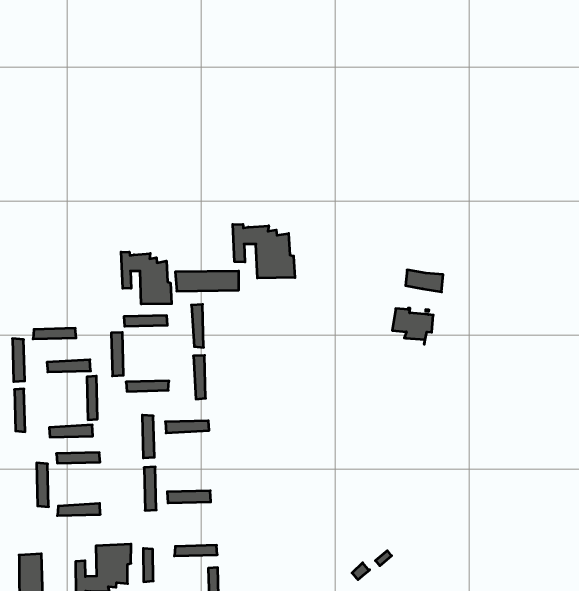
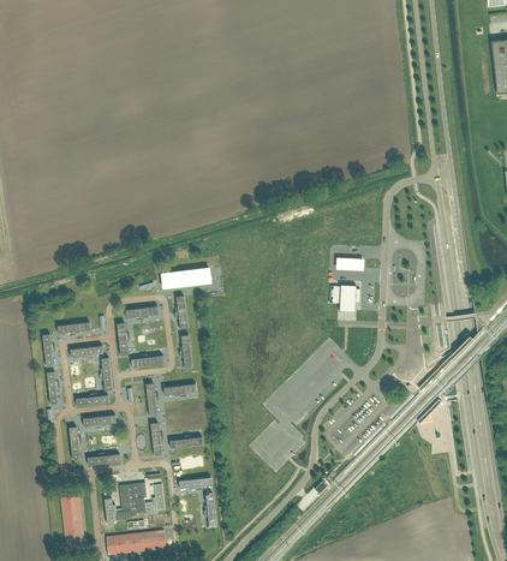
building: [233,224,295,278] -> none
building: [121,252,172,304] -> none

